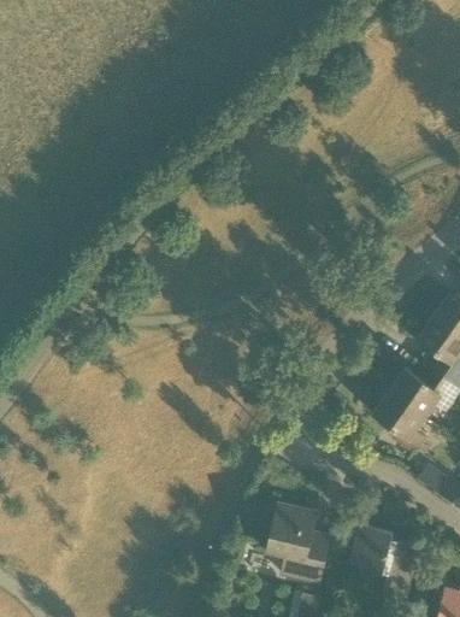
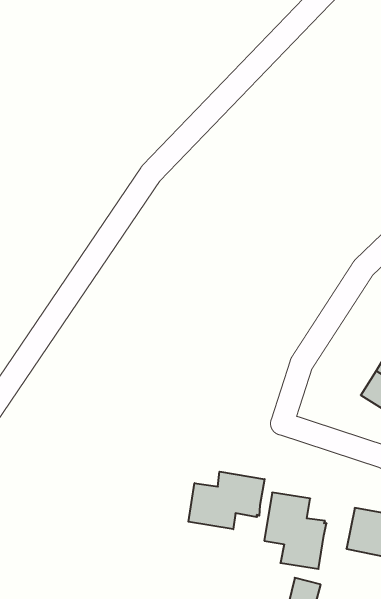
building: none -> [188,472,265,529]

